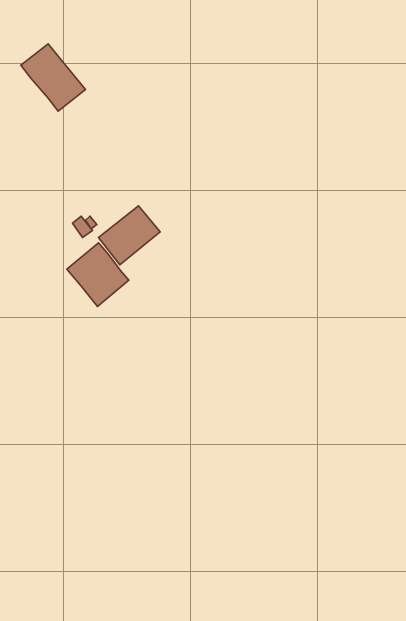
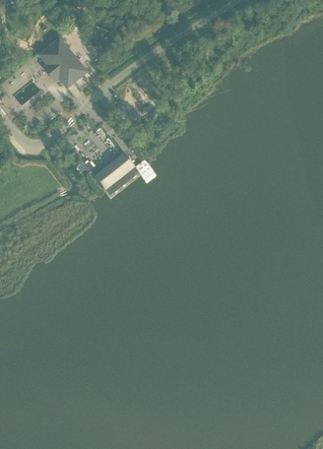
building: [67,243,129,306] -> none

